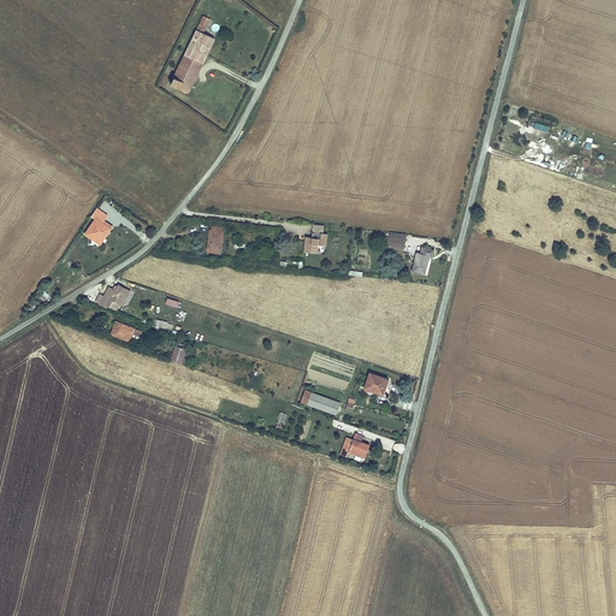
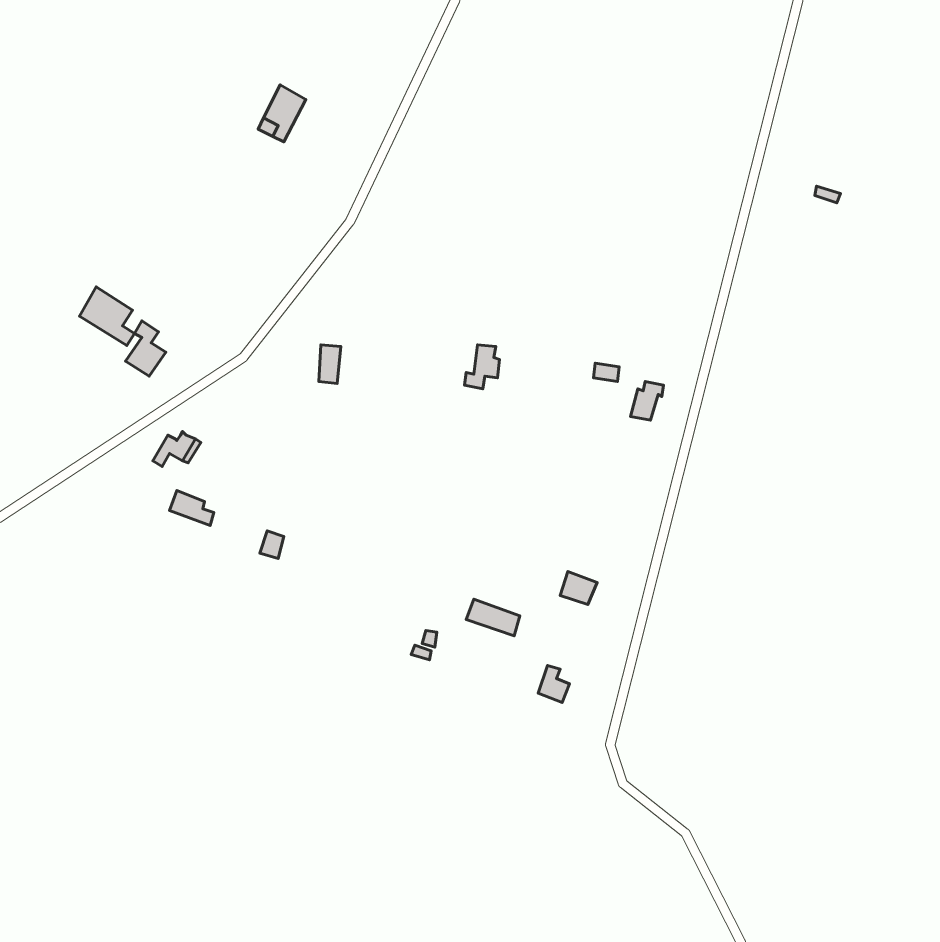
building: [183,17,213,65] -> none
building: none -> [79,287,135,346]

